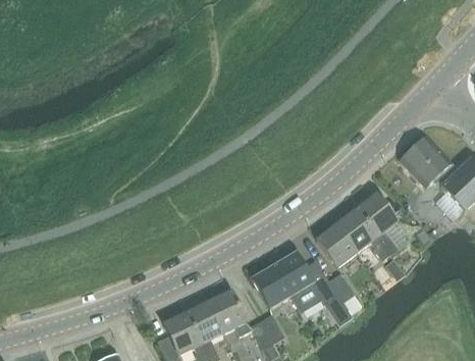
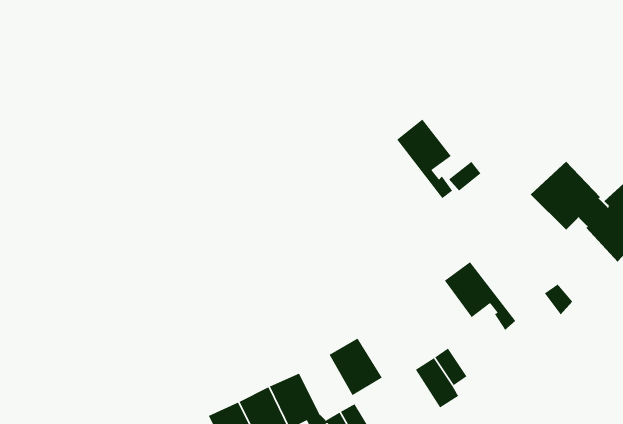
building: [356,194,398,253] -> [396,119,453,199]
building: [316,223,357,271] -> none
building: [273,252,313,313] -> none

